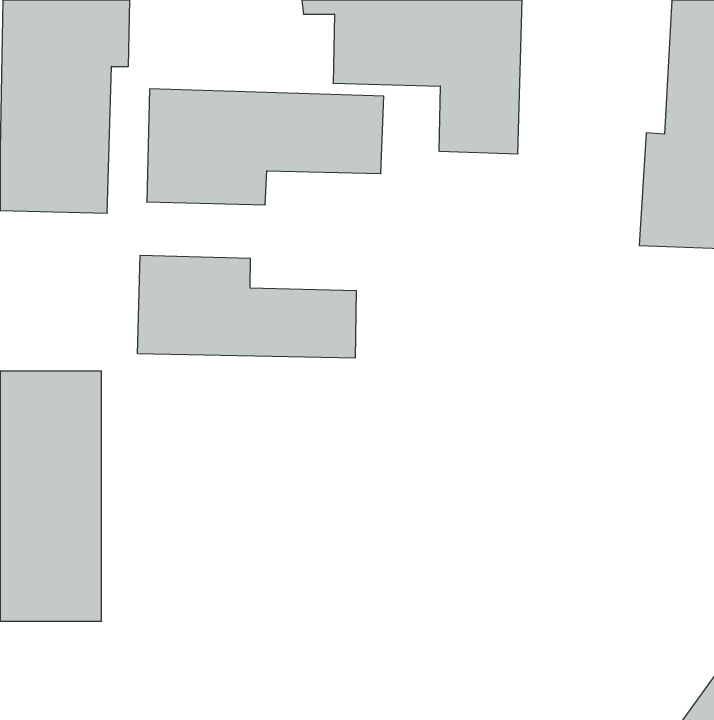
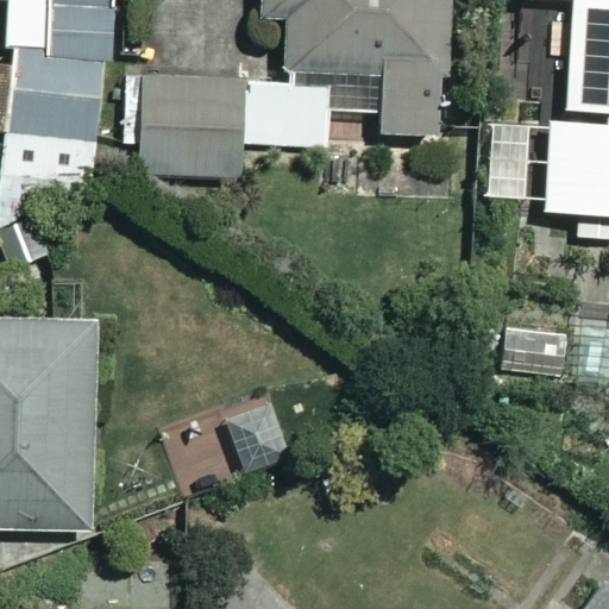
building: [138,255,356,358] -> none

